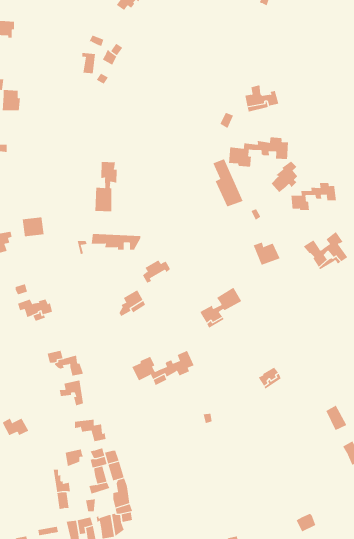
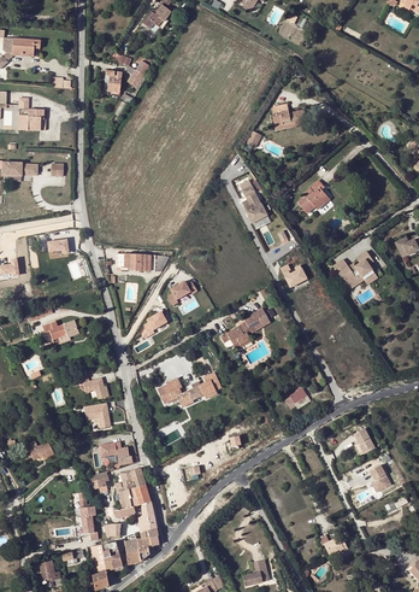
building: [228,137,289,167] -> none
building: [95,161,117,212] -> none
building: [291,182,336,211] -> none

